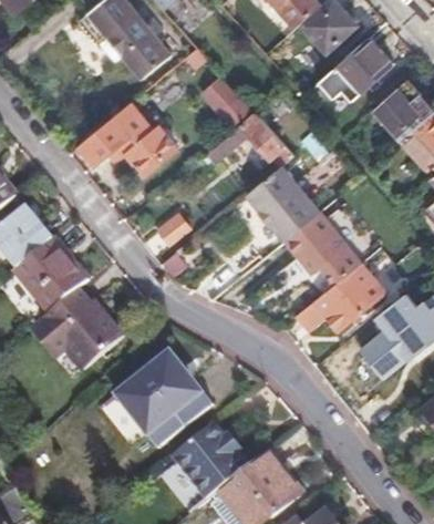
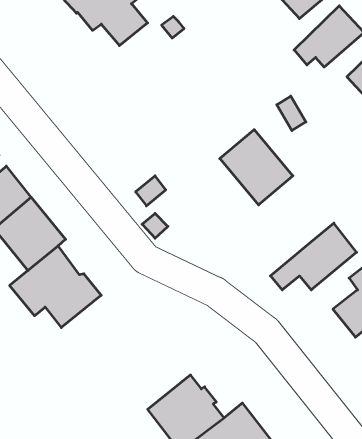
building: [197,68,251,124] -> none
building: [84,104,176,176] -> none
building: [207,115,290,166] -> none
building: [283,213,361,282] -> none
building: [114,346,213,443] -> none

